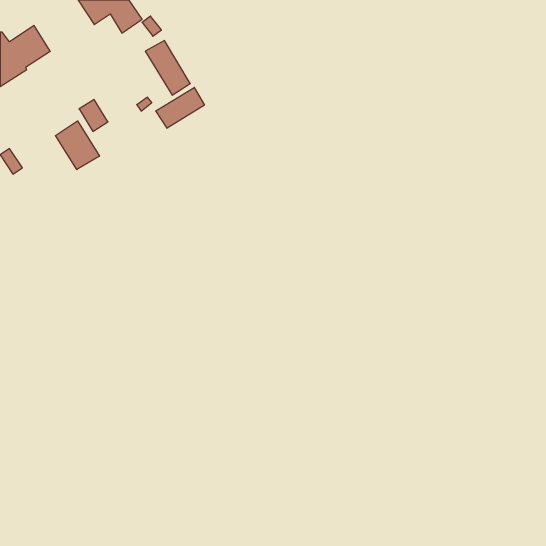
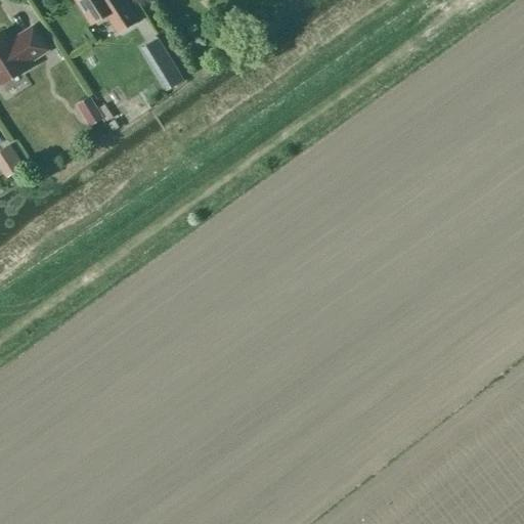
building: [156,87,204,128] -> none
building: [55,121,99,170] -> none

